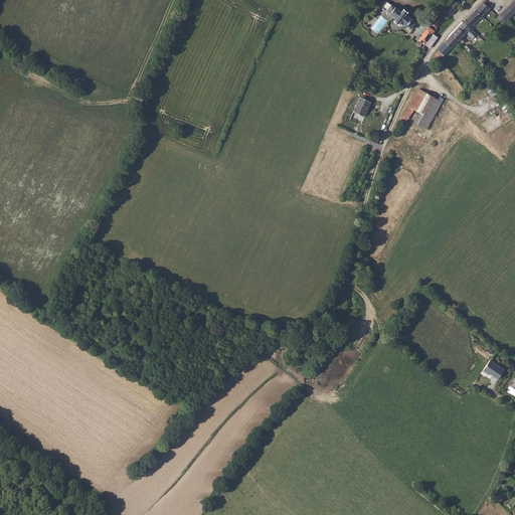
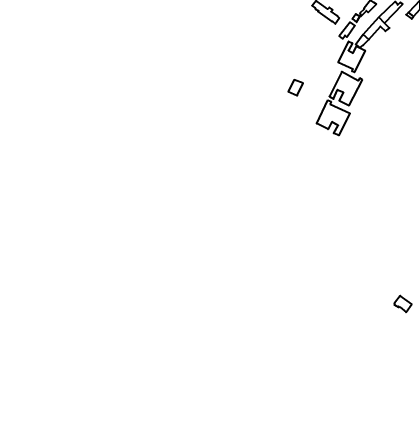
building: none -> [338,41,365,72]
building: none -> [317,100,350,135]

